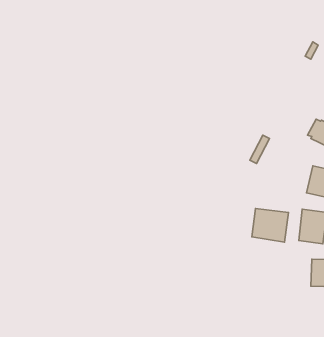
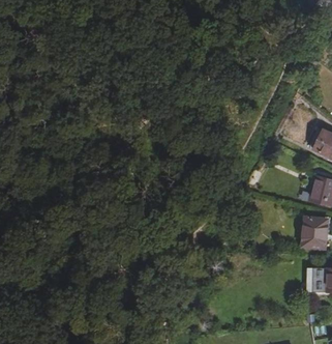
building: [252,209,288,242] -> none

